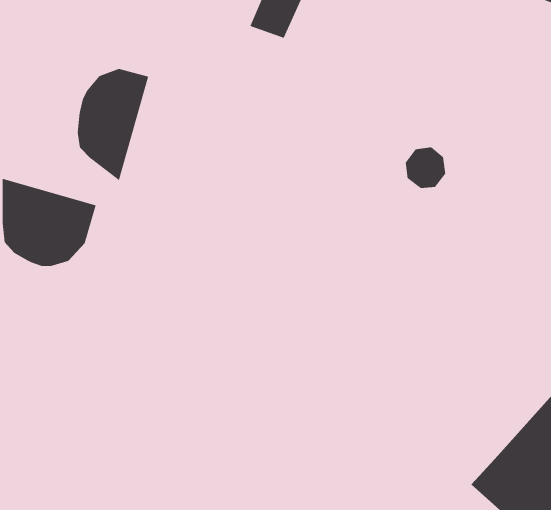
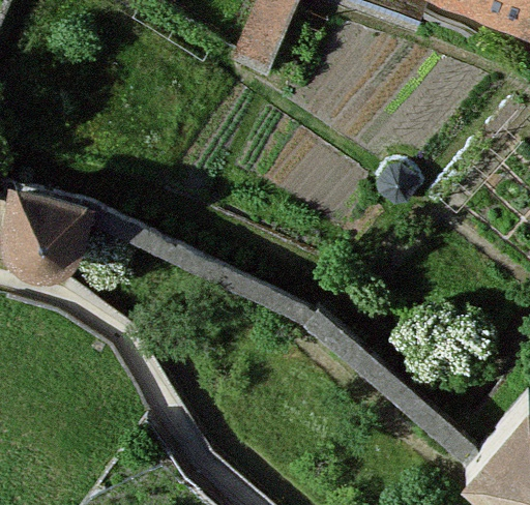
building: [77,68,149,181] -> none

